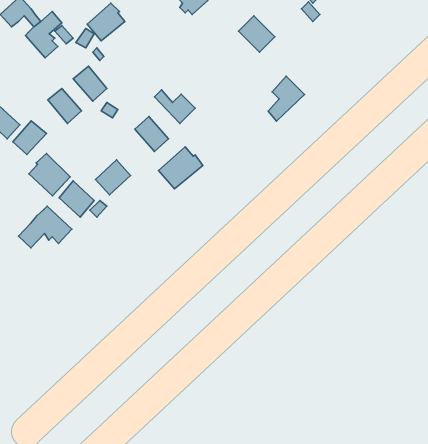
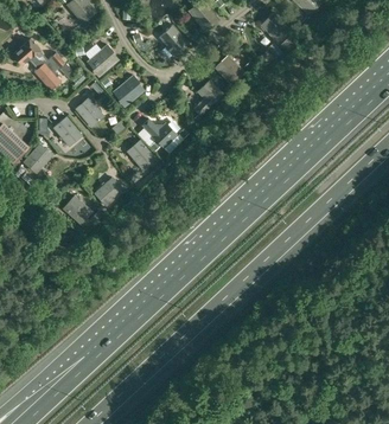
building: none -> [111,75,144,107]
building: [268,76,305,121] -> [193,78,224,116]
building: [159,147,203,189] -> none
building: [29,153,70,196] -> none
building: [19,206,72,248] -> none

